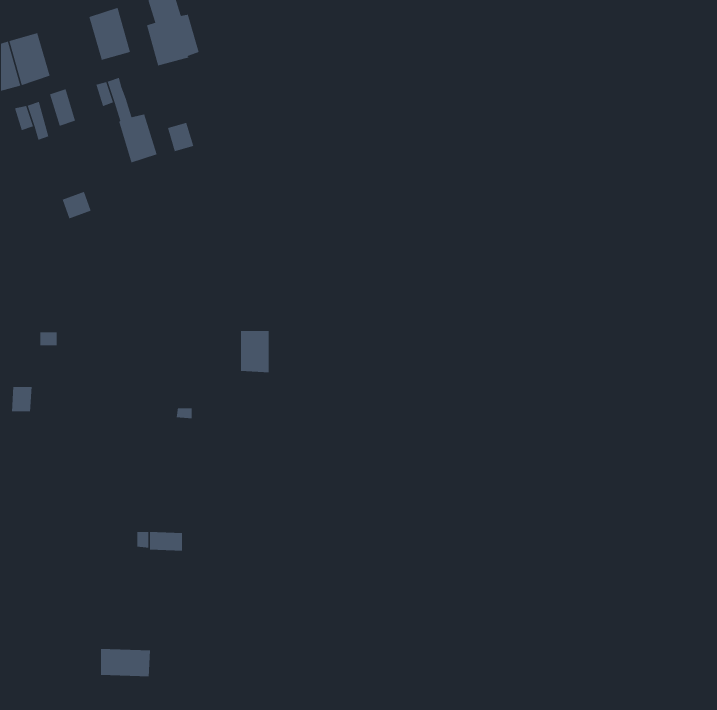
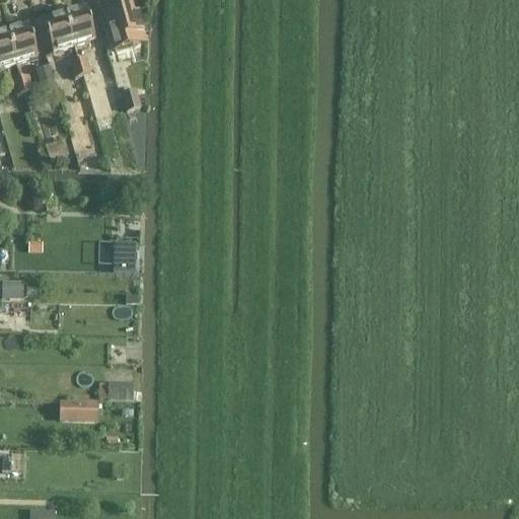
building: none -> [43,12,74,51]
building: [240,331,270,373] -> [114,241,135,272]
building: [100,649,151,677] -> [61,399,97,420]

